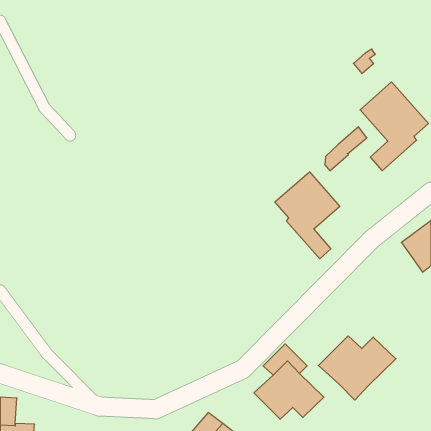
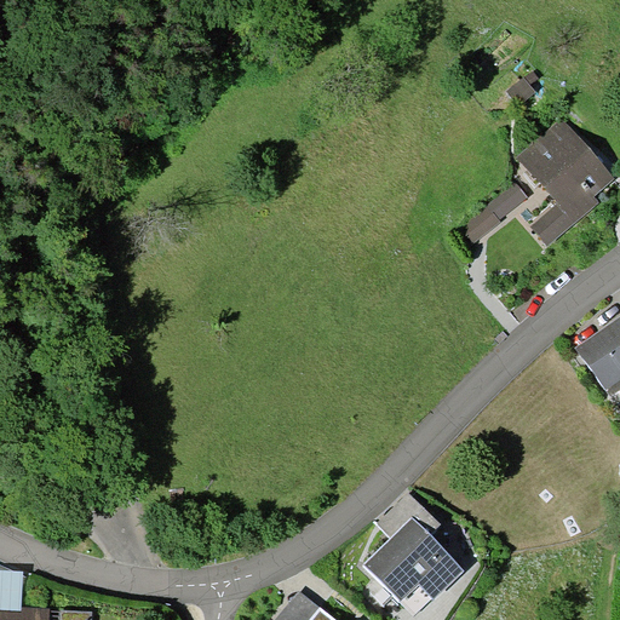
building: [275,172,340,259] -> none
building: [318,336,396,400] -> none

